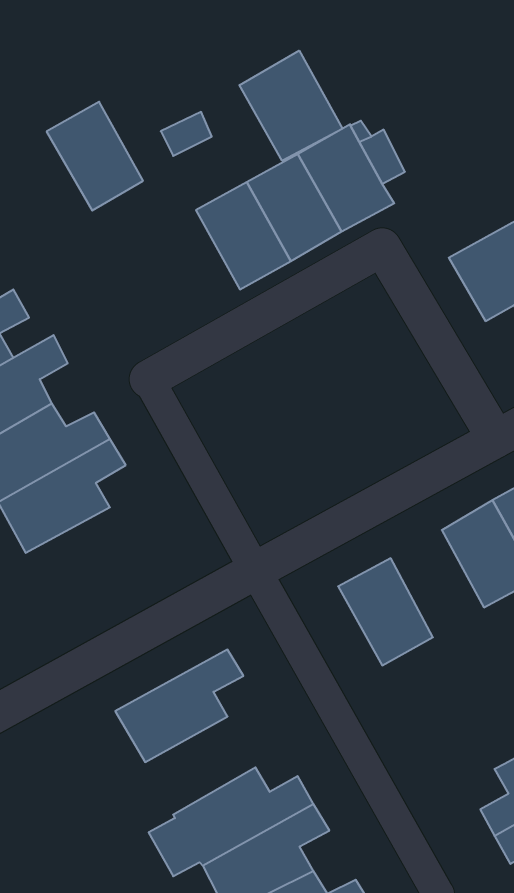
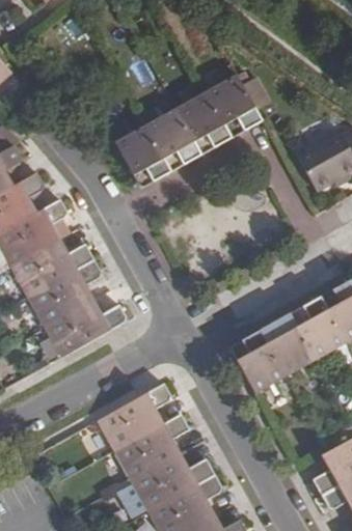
building: [239,51,342,161] -> none
building: [47,102,143,211] -> [113,124,170,189]
building: none -> [44,300,128,358]
building: none -> [260,313,315,376]
building: none -> [114,414,189,481]

